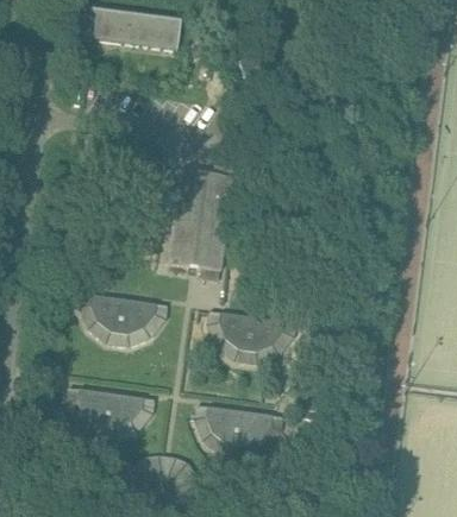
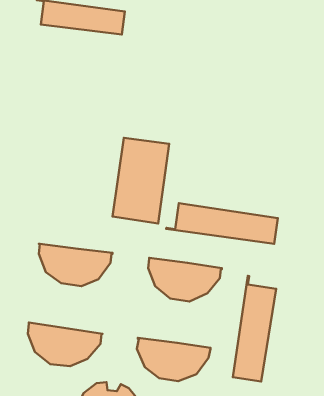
building: none -> [166,203,278,244]
building: none -> [233,276,276,382]

